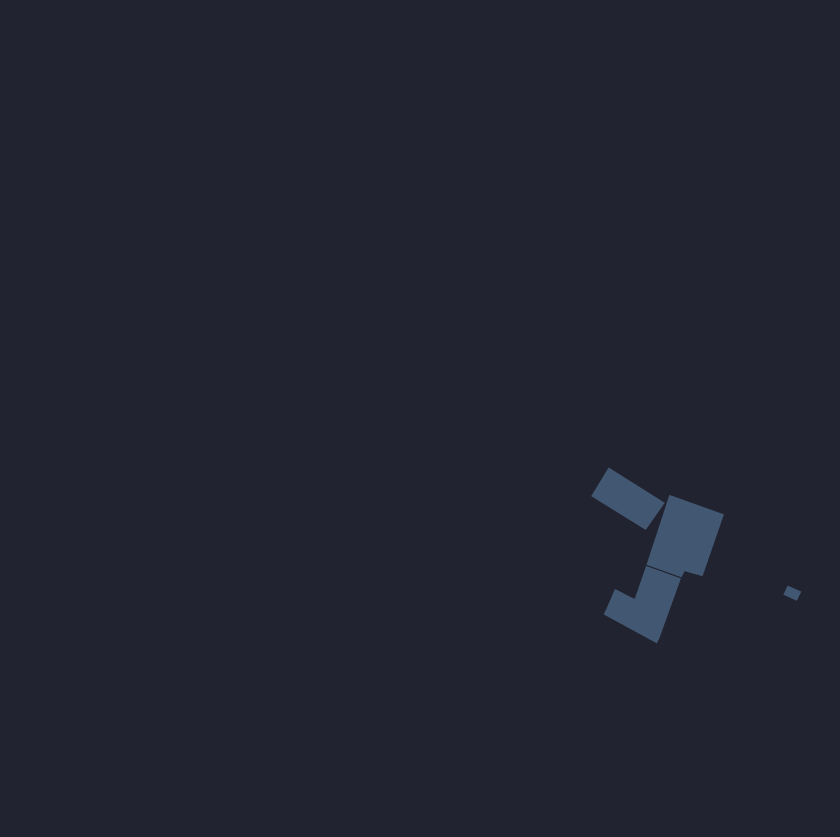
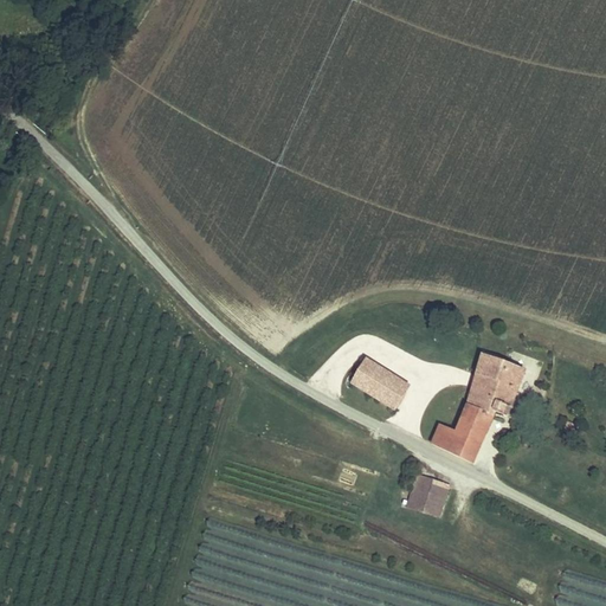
building: [590,467,666,531] -> [354,359,408,405]
building: none -> [408,475,449,514]

